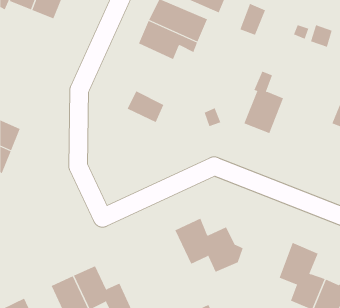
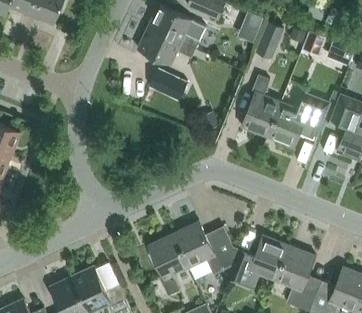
building: none -> [256,21,284,59]
building: none -> [267,93,329,147]
building: [127,91,164,123] -> [150,68,187,100]
building: none -> [148,232,189,295]
building: none -> [230,234,289,289]

